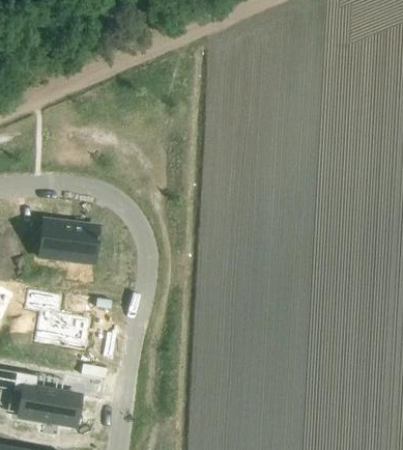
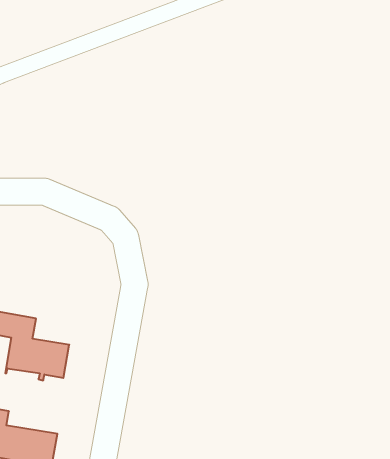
building: [36,222,97,268] -> none

